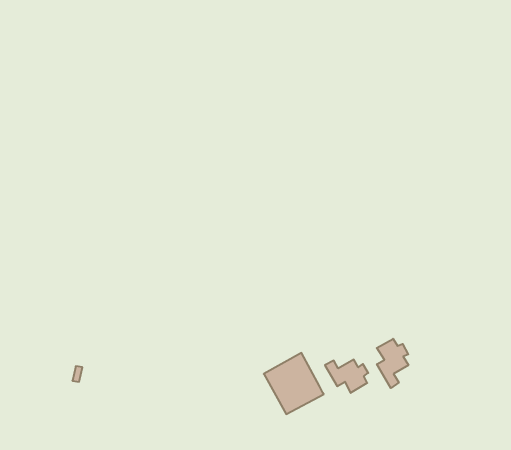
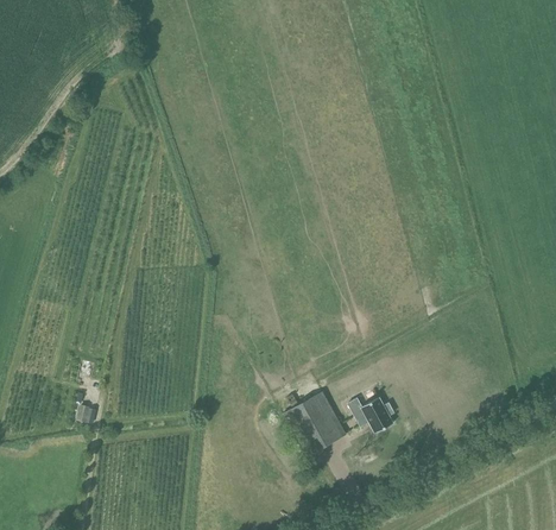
building: [377,339,408,388] -> none

